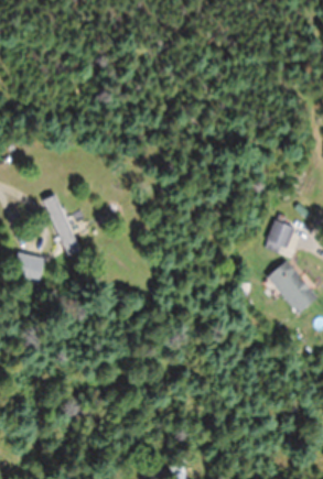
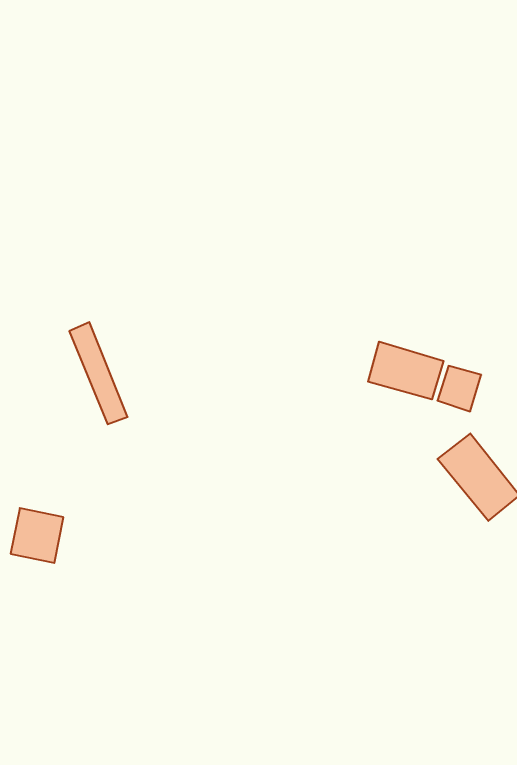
building: none -> [368,342,444,399]
building: [13,252,45,285] -> [11,508,63,563]

